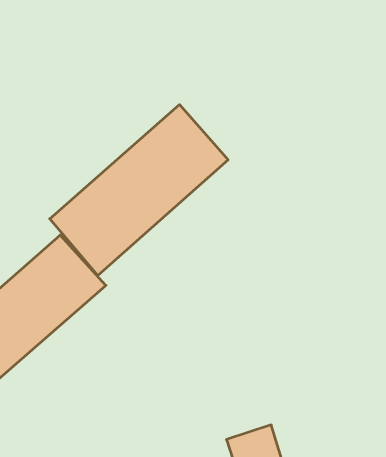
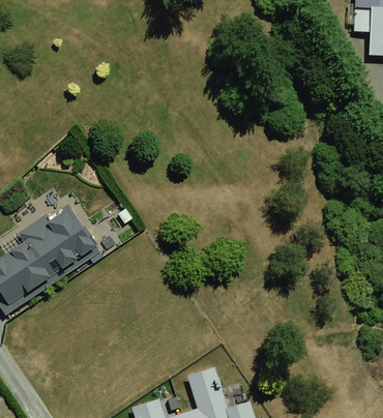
building: [50,105,228,275] -> none

